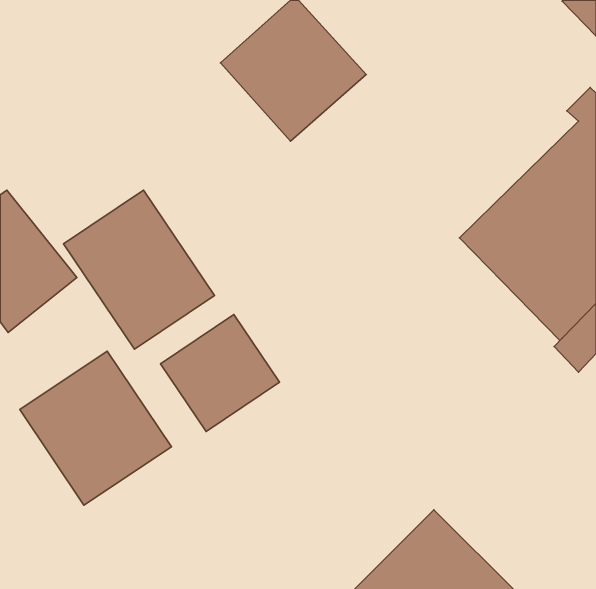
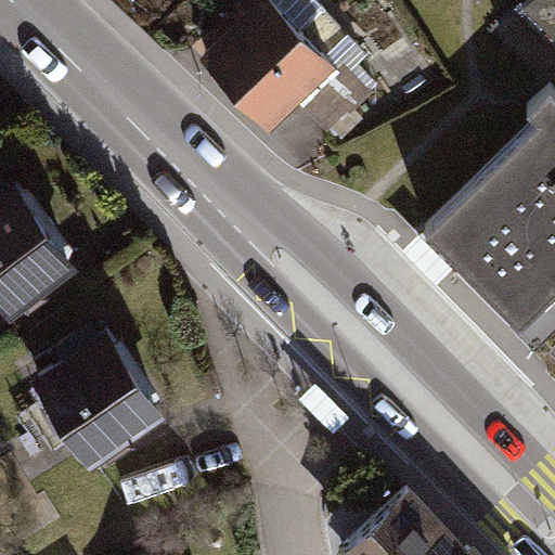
building: [64,190,214,349] -> none
building: [161,315,280,431] -> none

